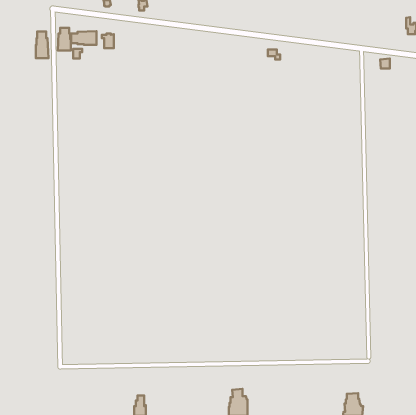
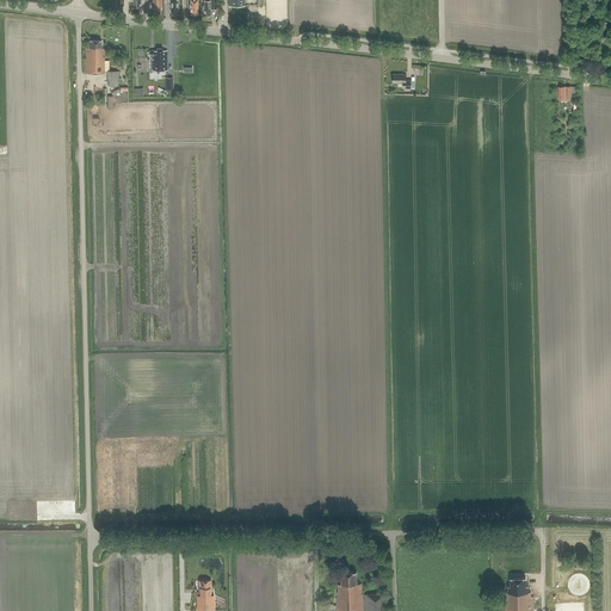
building: [71,31,97,45] -> none
building: [36,32,48,58] -> none

